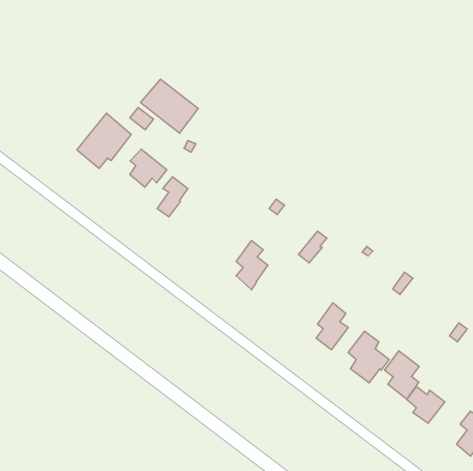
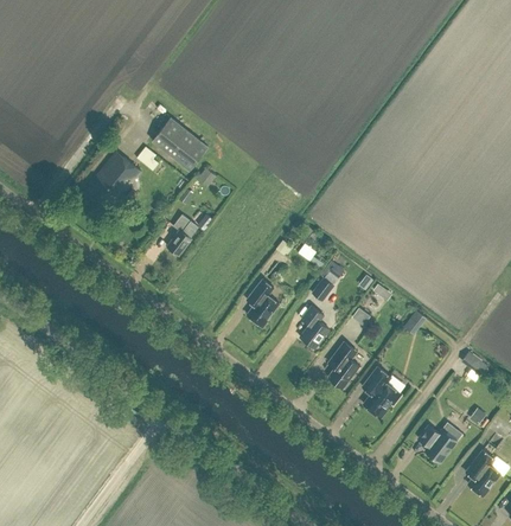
building: [130,149,167,187] -> none
building: none -> [300,304,330,347]
building: [385,351,419,399] -> none

